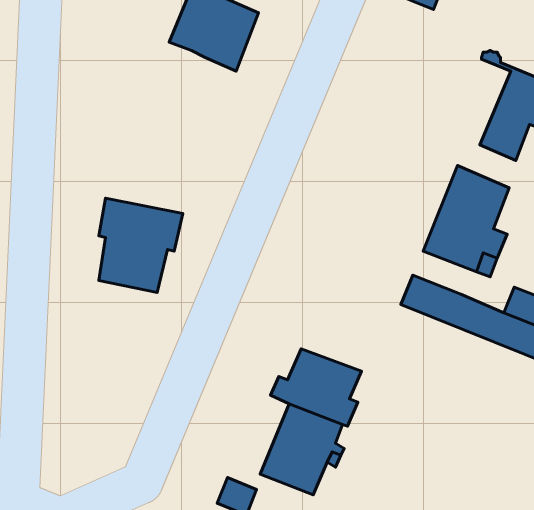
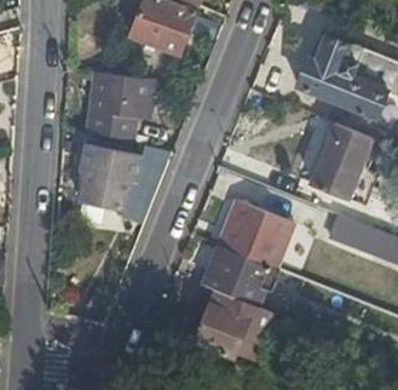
building: none -> [295,36,371,108]
building: none -> [91,73,152,140]
building: none -> [218,200,292,269]

